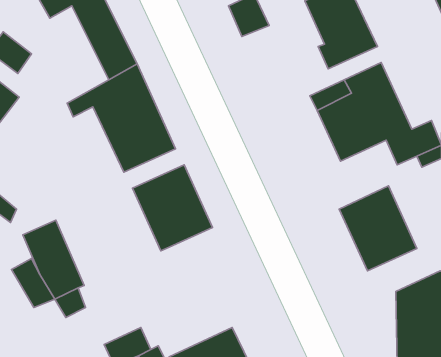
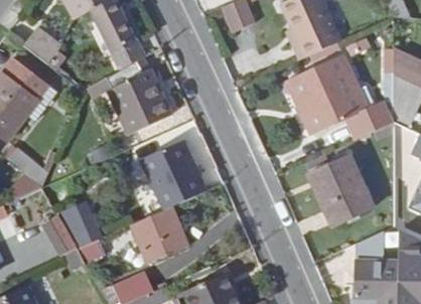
building: none -> [131,206,189,263]

